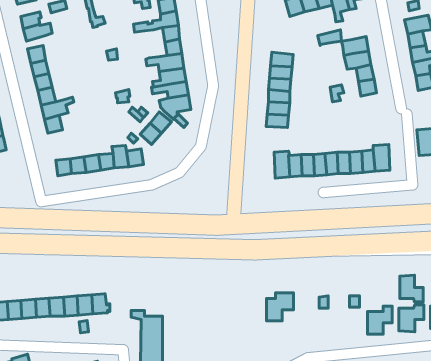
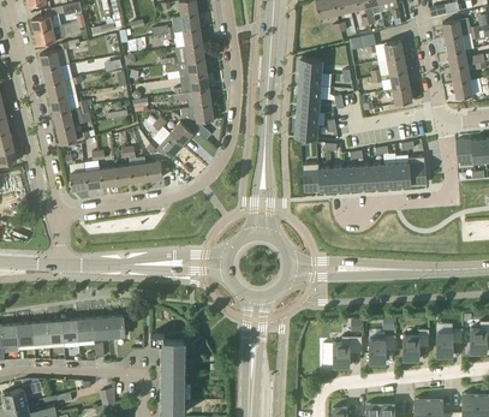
building: [400,275,423,302] -> none
building: [266,293,293,321] -> [333,336,362,367]
building: none -> [369,335,395,363]

